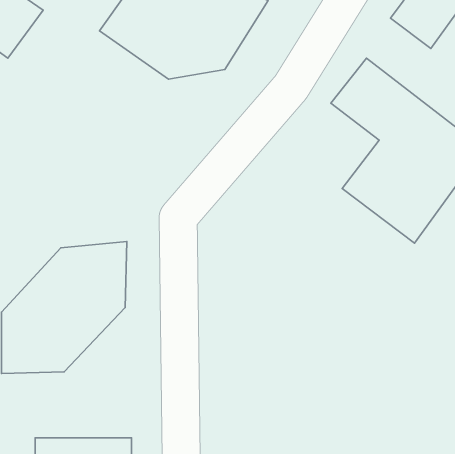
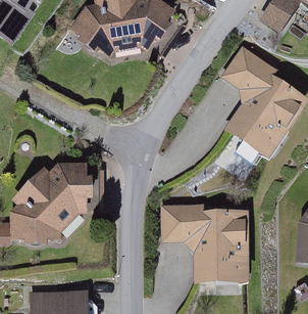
building: none -> [161,208,248,283]

